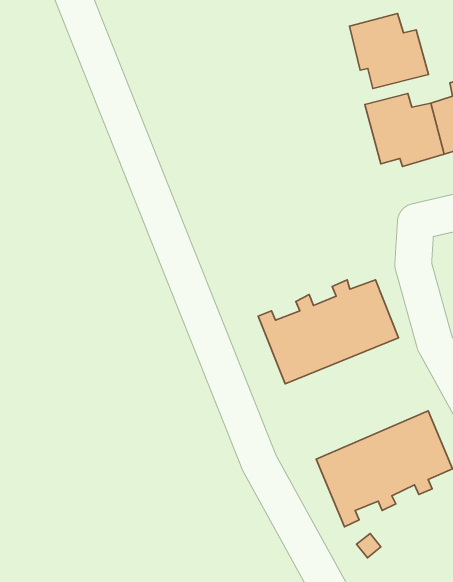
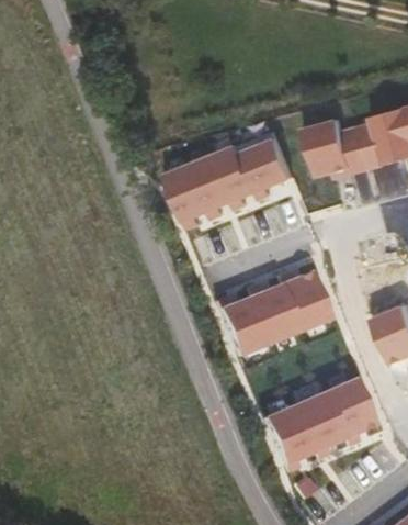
building: [350,14,429,88] -> none
building: none -> [165,132,293,230]

